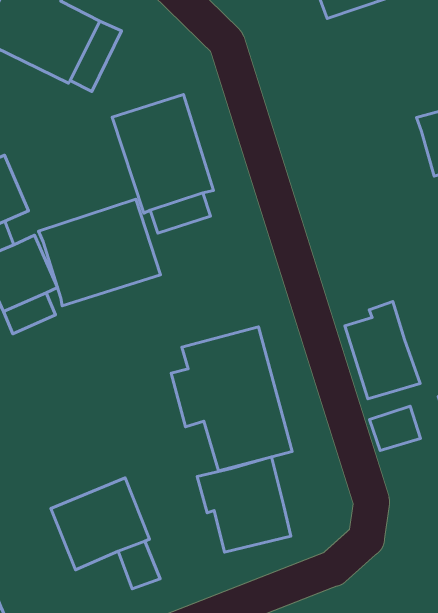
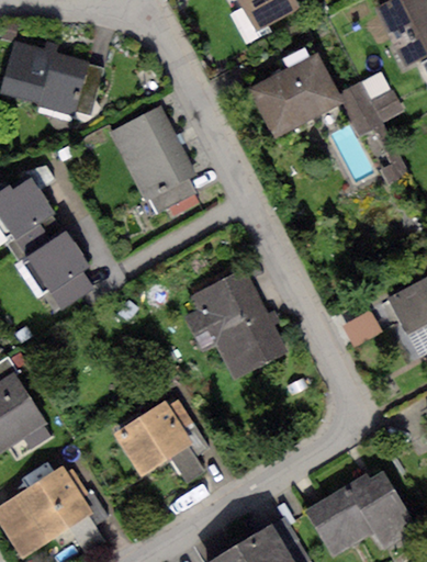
building: none -> [251,55,342,136]
building: [39,199,161,306] -> none
building: [345,302,420,399] -> none
building: [197,457,291,552] -> none

